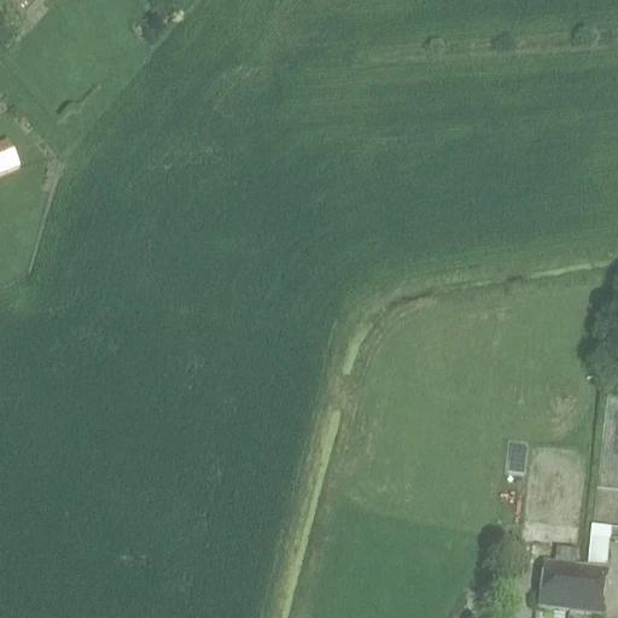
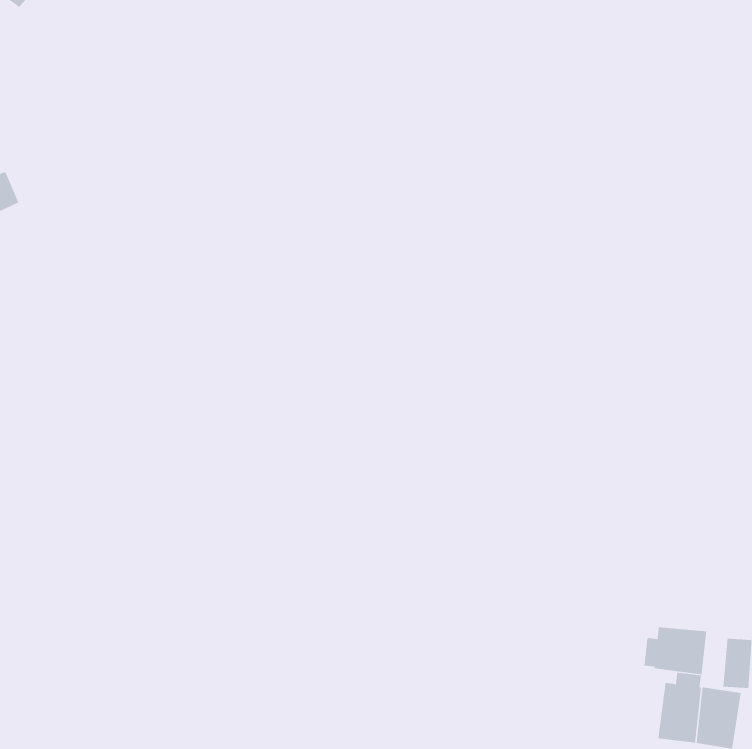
building: none -> [644,626,707,675]

